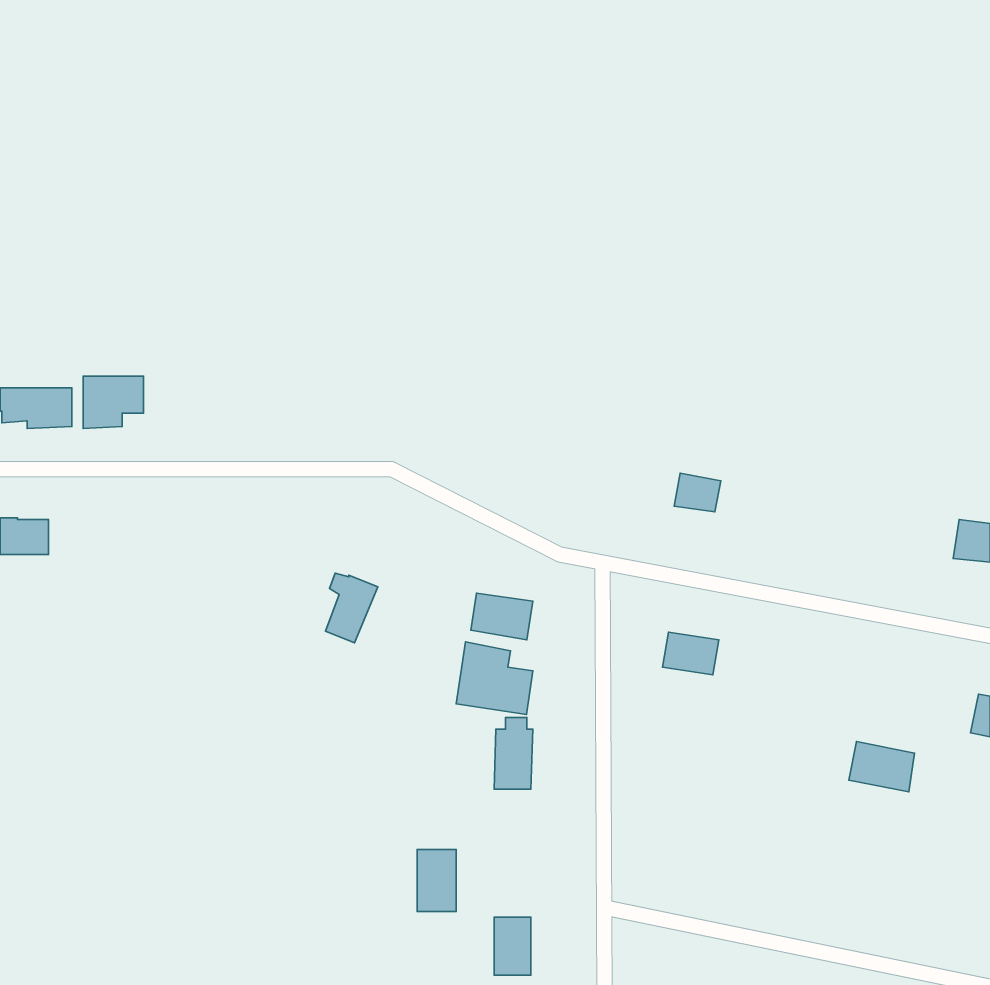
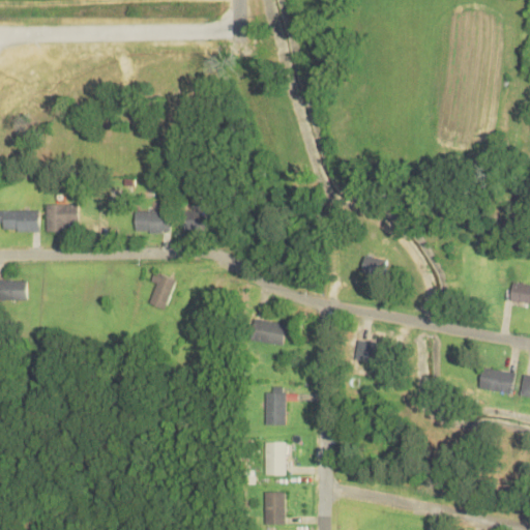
building: none -> [134,211,169,233]
building: [326,573,378,643] -> [147,272,175,310]
building: [456,642,533,714] -> none
building: [849,742,915,792] -> [478,367,513,394]
building: [417,849,456,911] -> [263,442,284,475]

